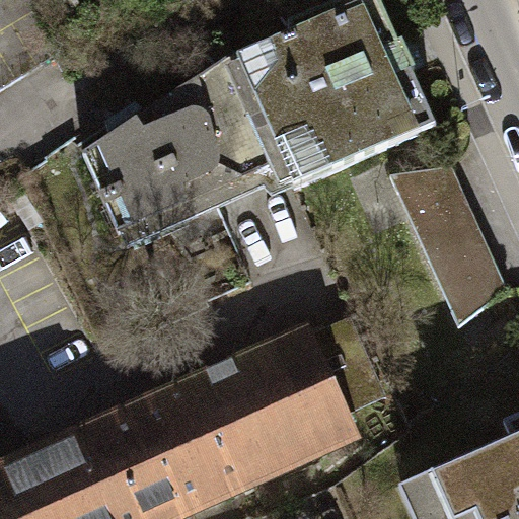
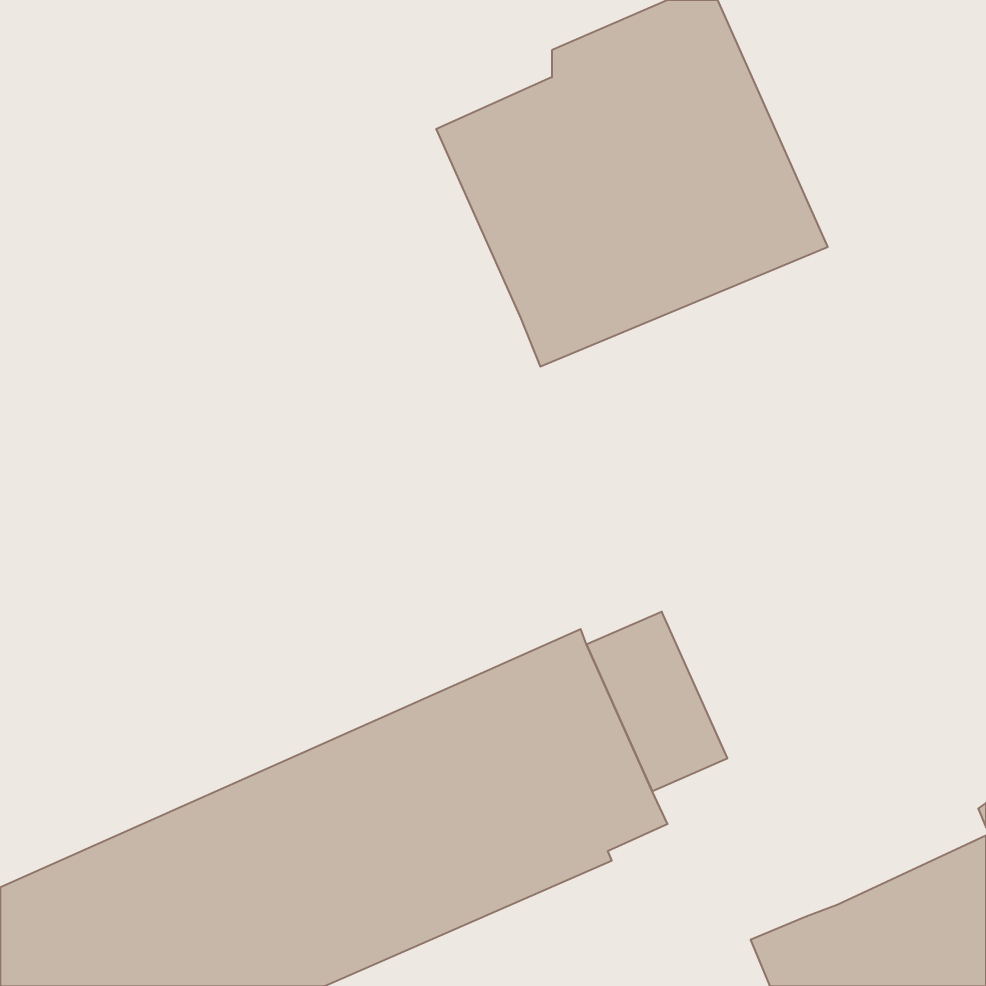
building: [74,59,274,242] -> none
building: [389,167,505,327] -> none

